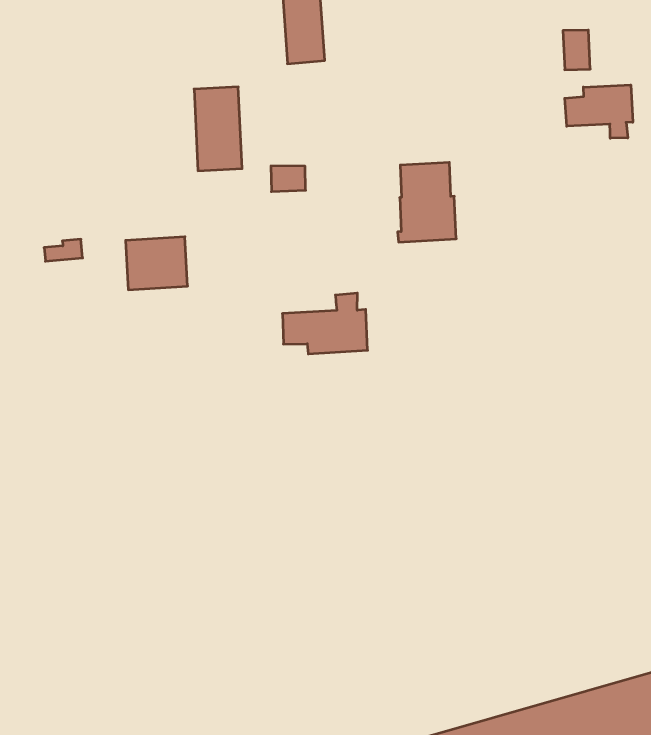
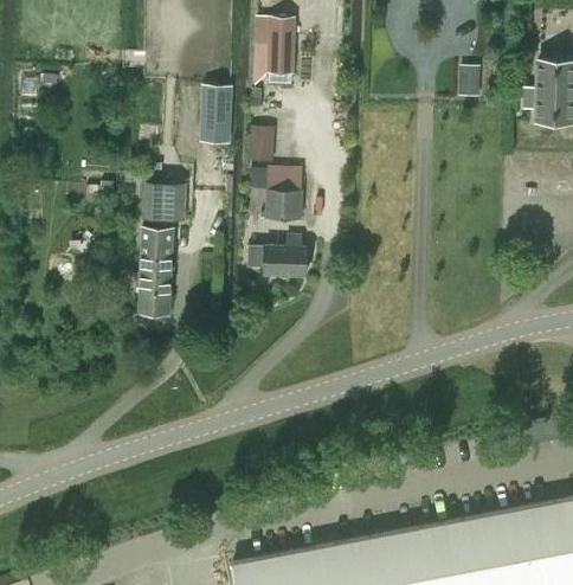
building: [565,85,633,138] -> none
building: [398,162,456,242] -> [262,166,303,220]
building: none -> [139,226,173,314]

